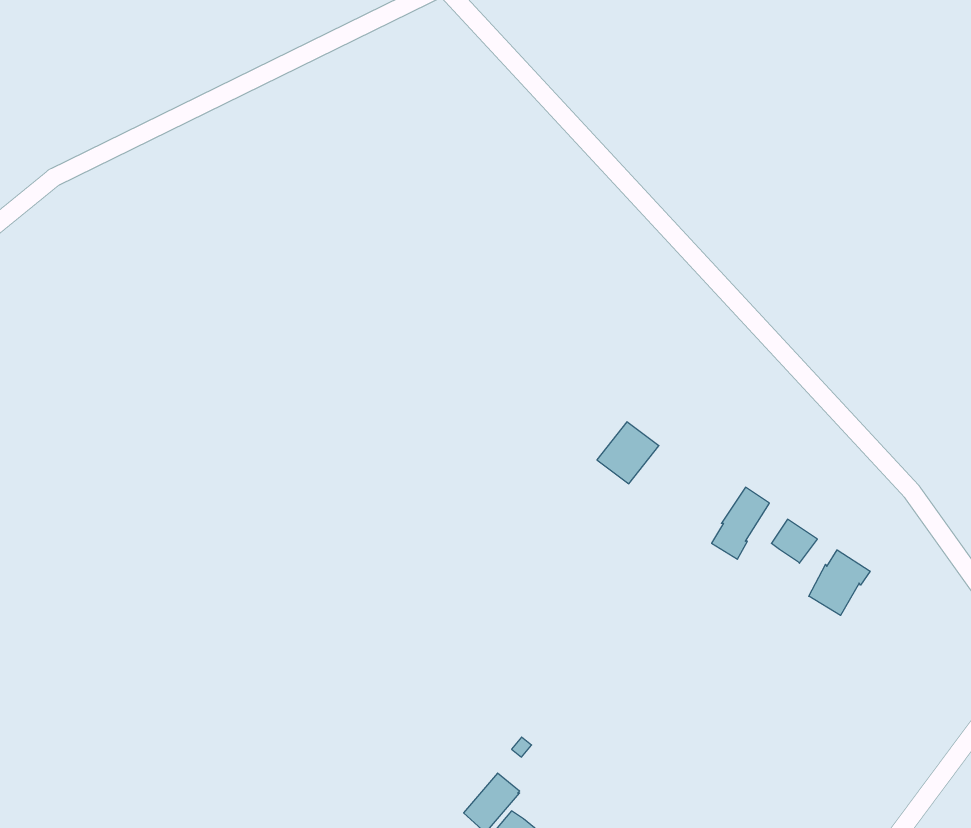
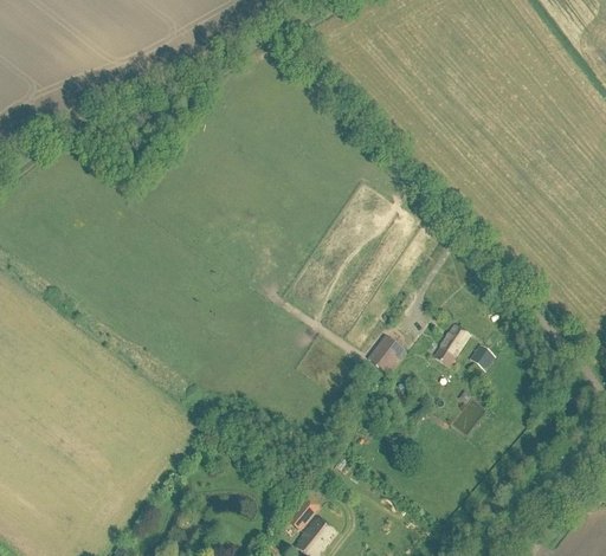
building: [597,422,659,484] -> [368,335,405,371]
building: [809,550,870,615] -> none

